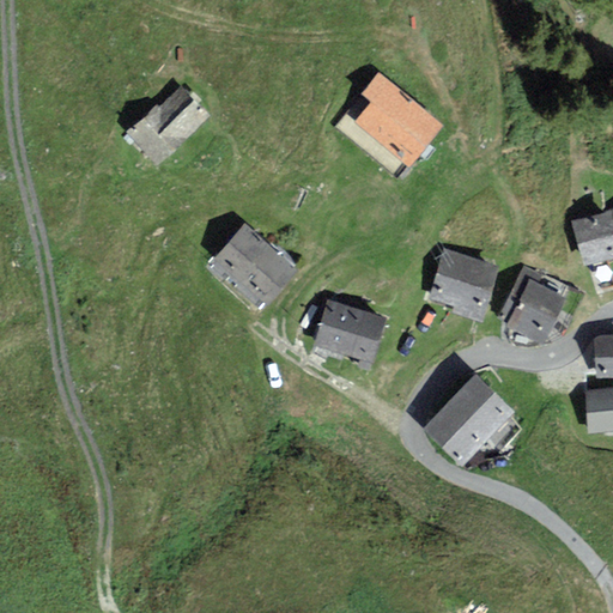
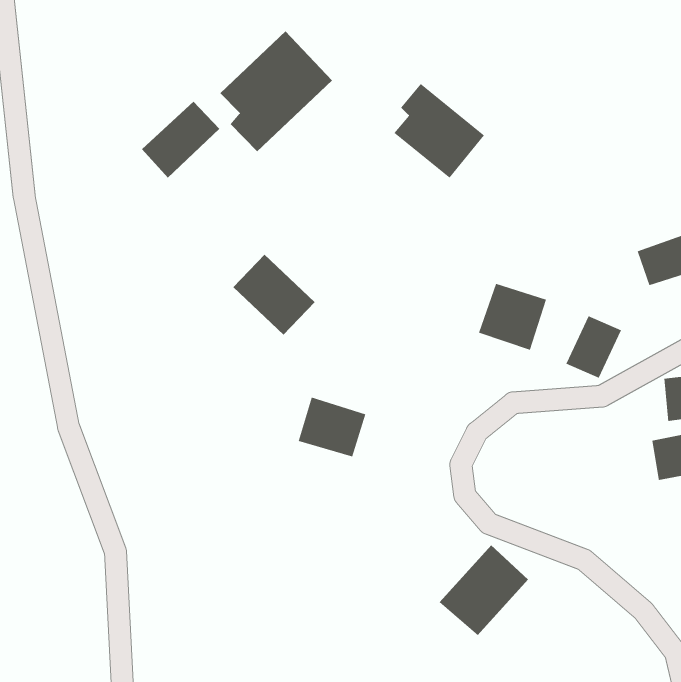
building: none -> [219,31,333,152]
building: [317,303,378,357] -> [298,397,366,457]
building: [429,376,509,457] -> [439,544,529,636]

